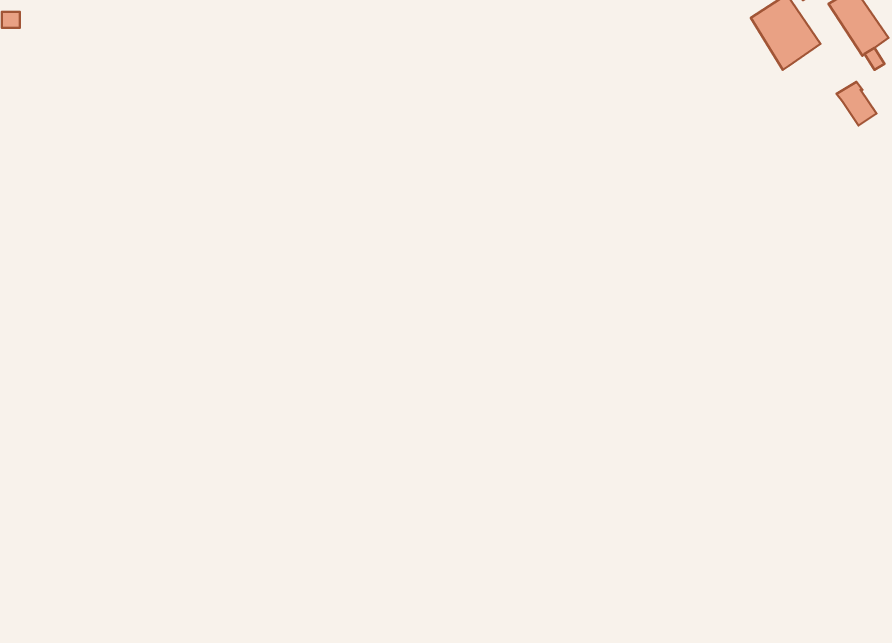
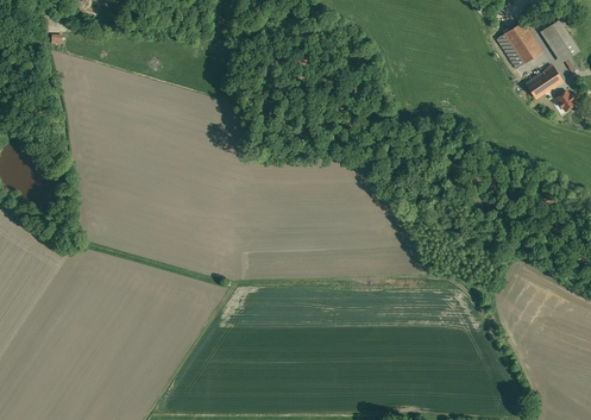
building: none -> [526,65,560,99]

